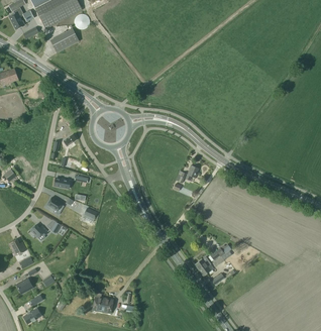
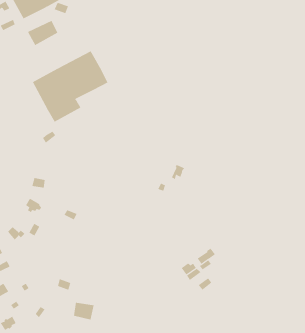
building: none -> [32,51,108,123]

